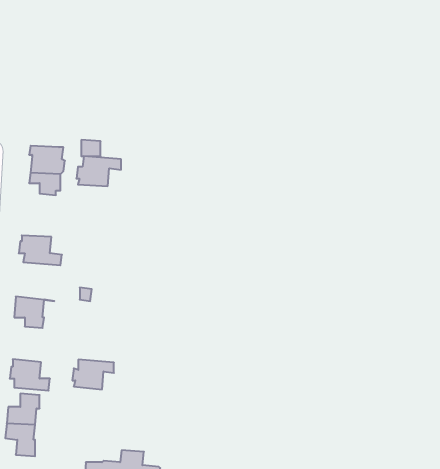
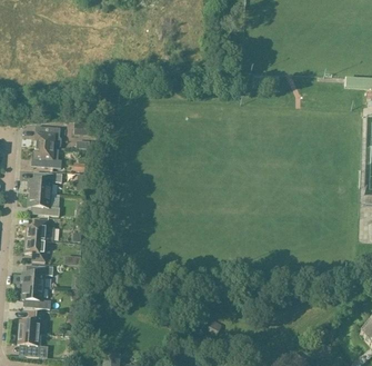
building: [76,156,121,186] -> [28,170,61,192]
building: none -> [24,218,54,240]
building: [72,360,114,389] -> [21,264,52,286]

